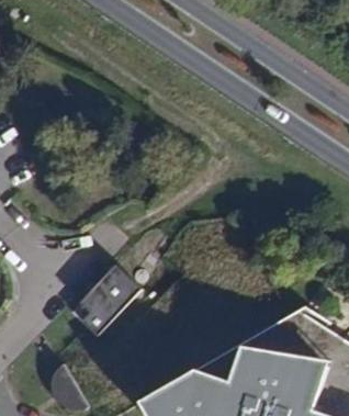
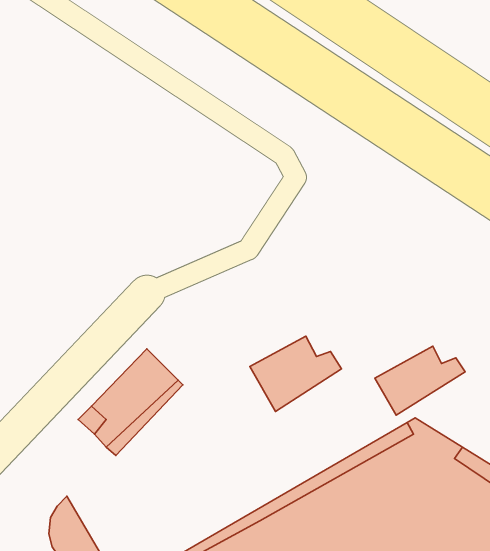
building: none -> [250,336,342,411]
building: none -> [375,346,465,415]

